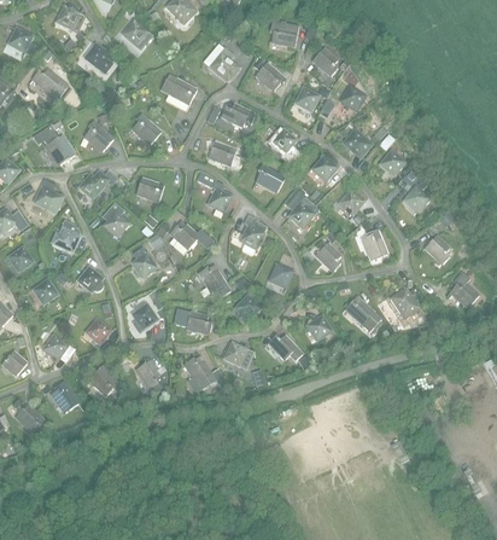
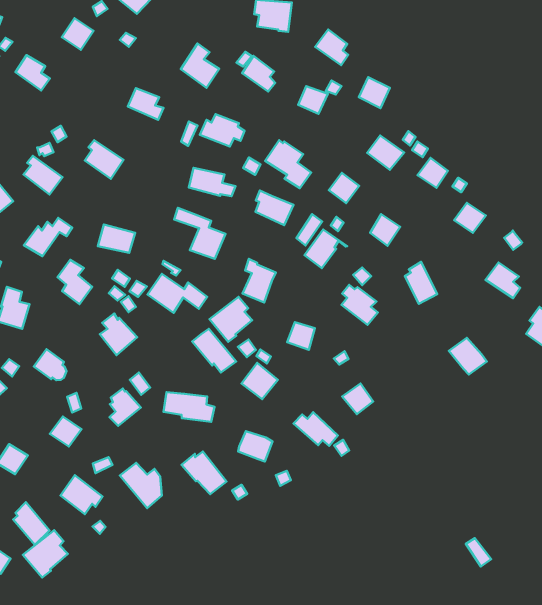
building: none -> [209,297,252,342]
building: [343,296,380,331] -> none
building: none -> [23,530,68,577]

